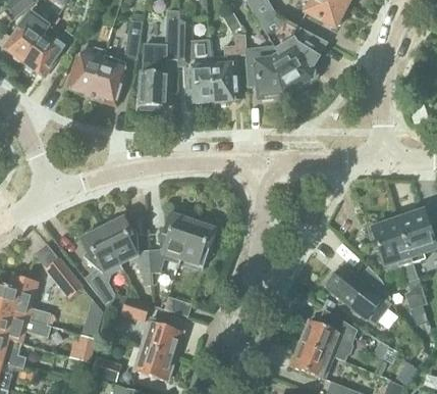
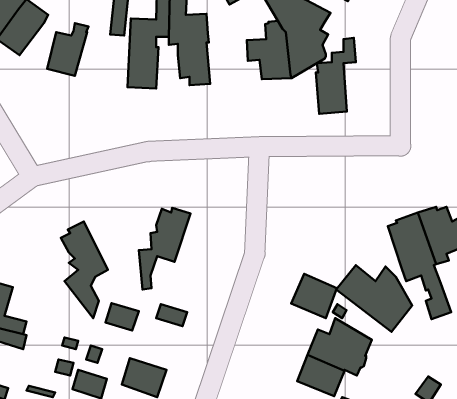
building: [210,34,245,101] -> [316,38,356,114]
building: [93,55,126,103] -> none
building: [101,215,153,284] -> none
building: [181,216,217,267] -> none
building: [47,258,83,296] -> none
building: none -> [291,274,337,318]
building: [142,316,182,355] -> none

